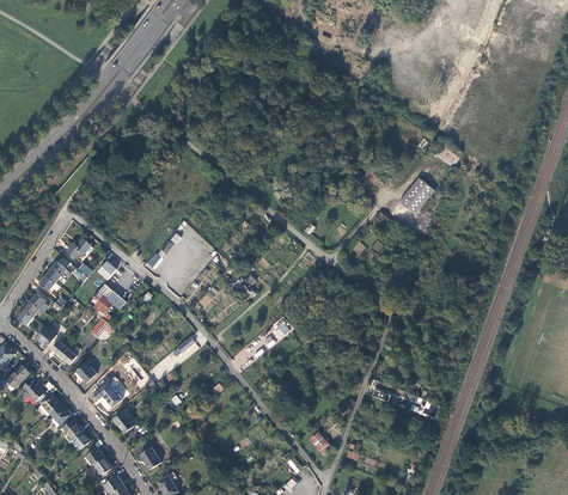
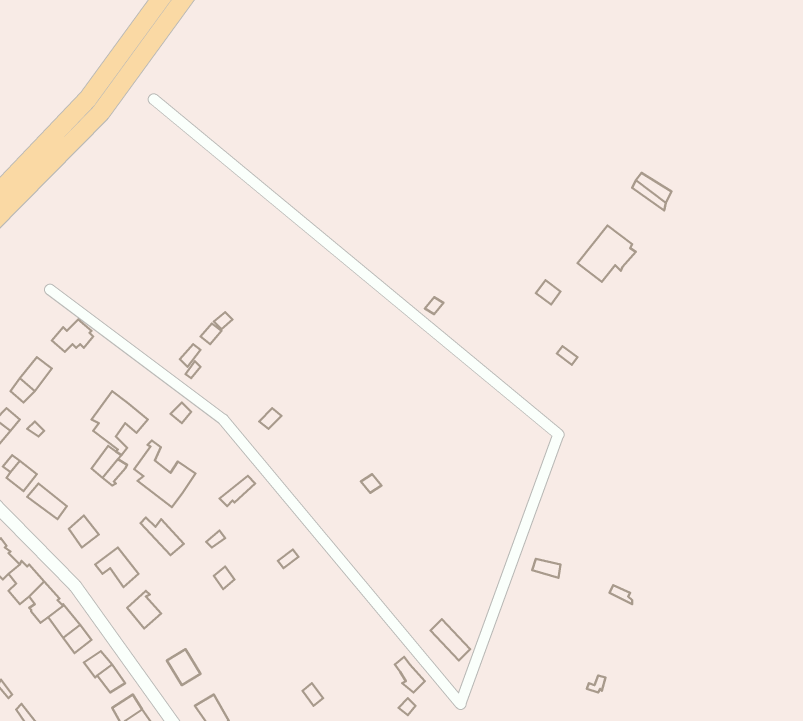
building: none -> [134,440,195,507]

